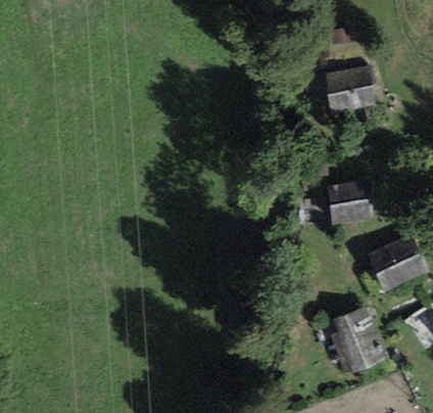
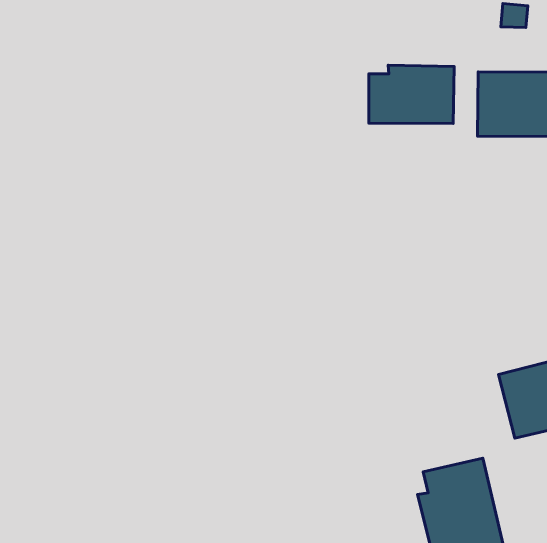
building: none -> [369,65,454,124]
building: [326,181,374,225] -> none

